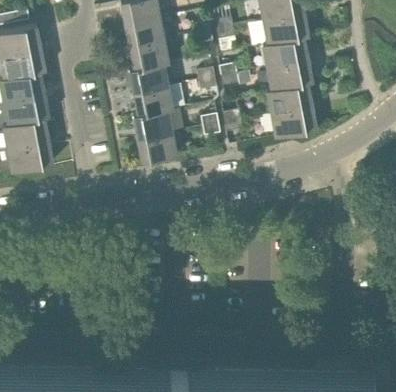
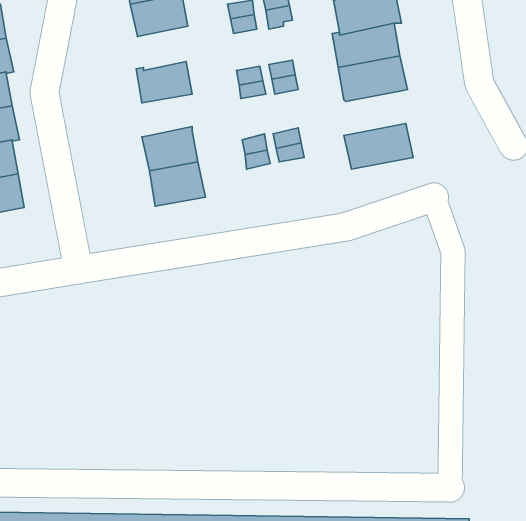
building: [130,41,168,71] -> none
building: [266,85,312,115] -> none
building: [133,86,184,115] -> none

